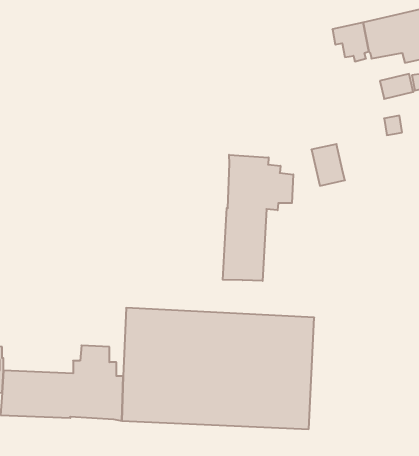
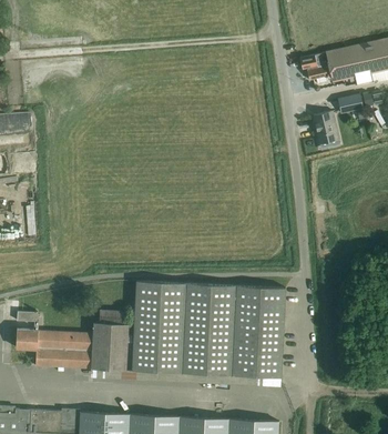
building: [311,144,345,186] -> [313,112,339,145]
building: [223,155,293,281] -> none

